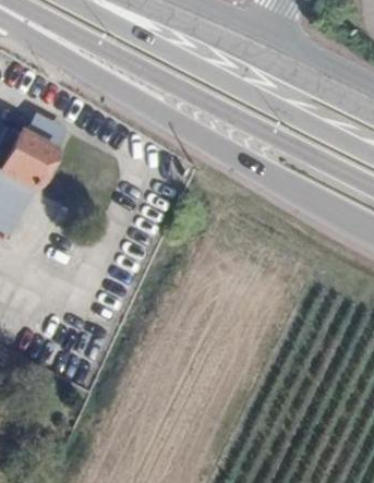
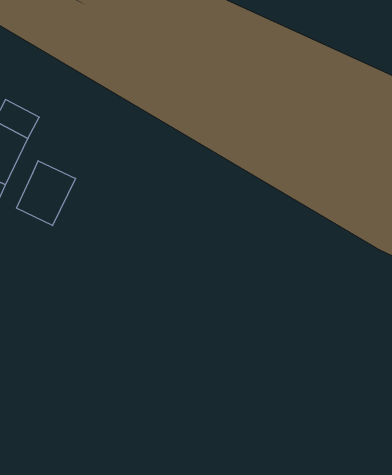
building: none -> [17,161,76,226]

